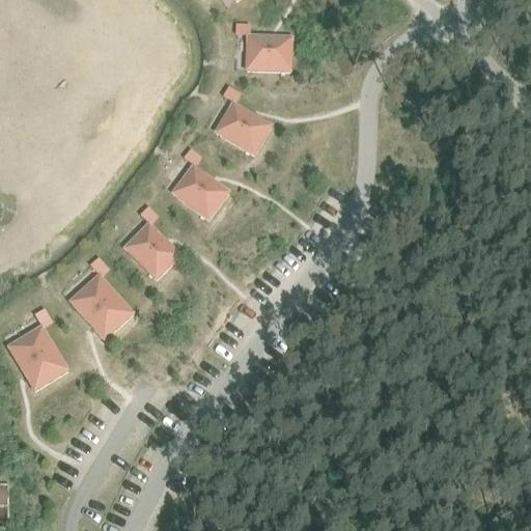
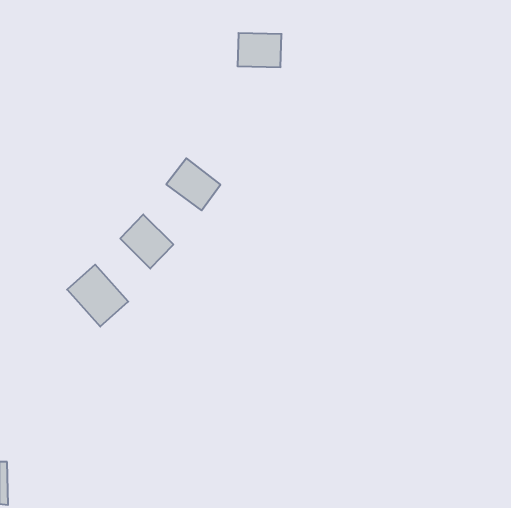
building: [216,102,271,153] -> none
building: [8,325,67,389] -> none

